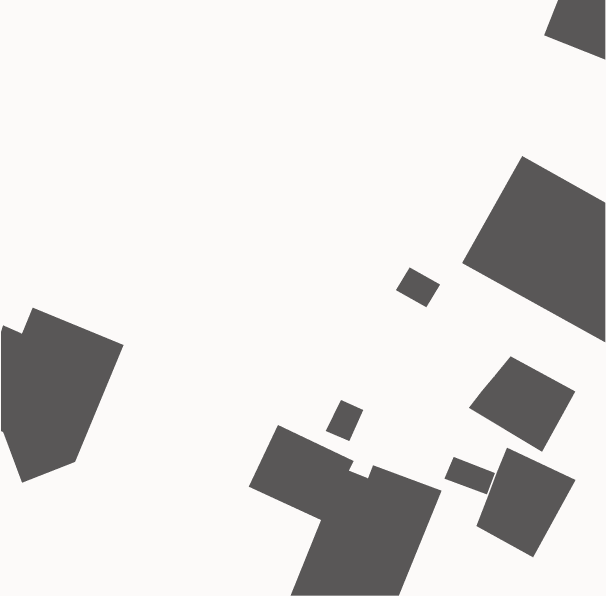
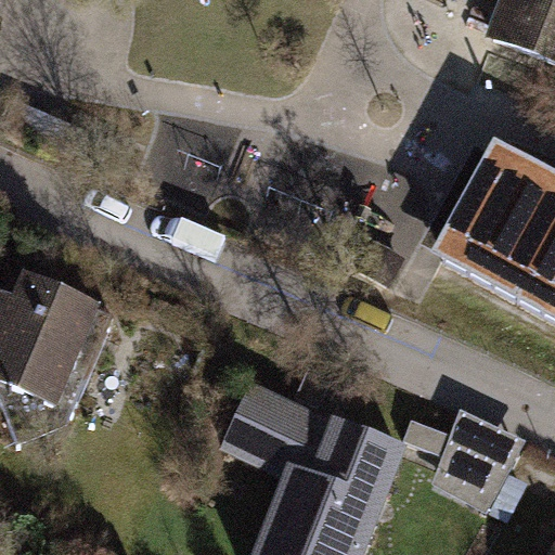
building: [468,356,576,453] -> none

